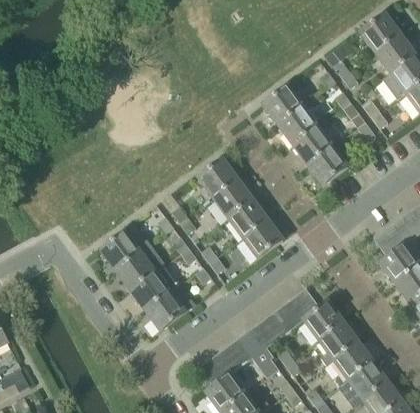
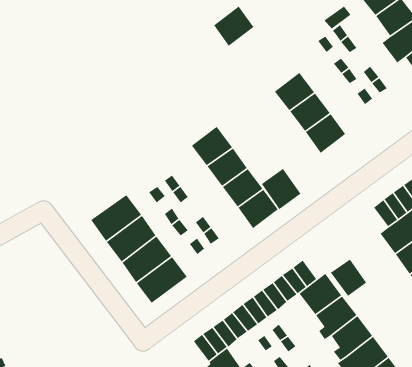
building: [263,86,303,126] -> [213,5,255,47]
building: none -> [261,168,302,210]
building: none -> [330,259,367,297]

